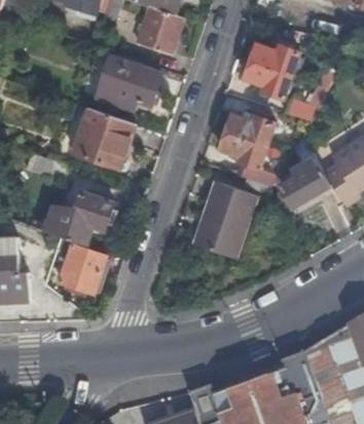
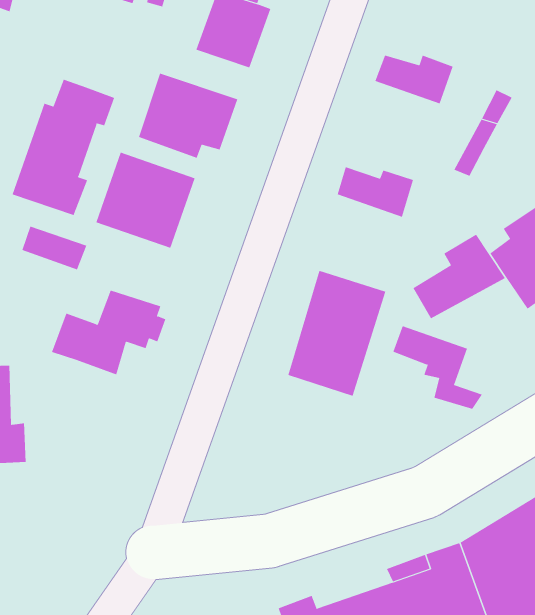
building: none -> [12,79,115,216]
building: [243,63,290,100] -> none
building: [219,133,276,186] -> [392,326,483,409]
building: [60,245,107,293] -> none

